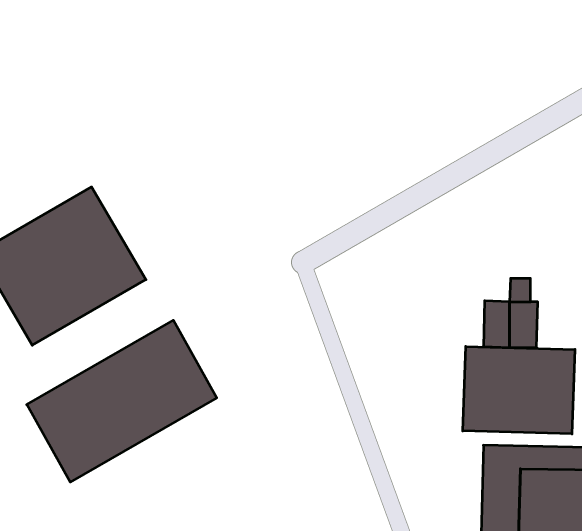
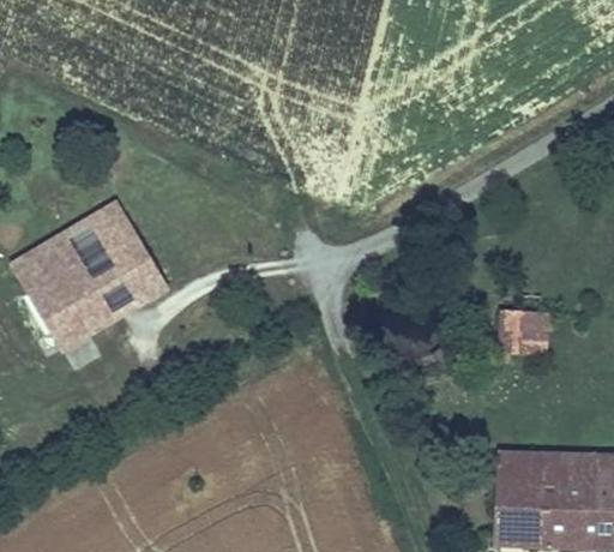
building: [27,320,217,482] -> none
building: [463,346,575,434] -> none

